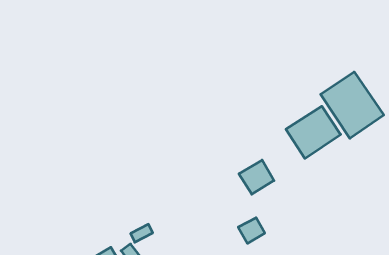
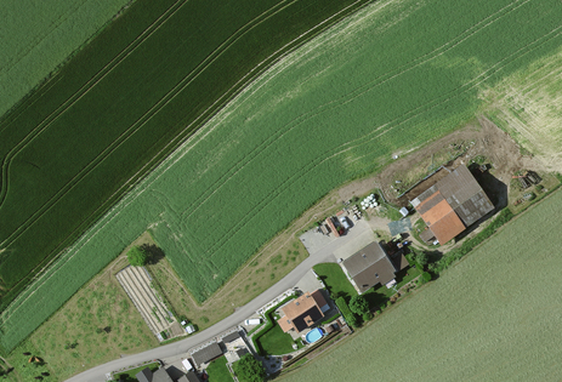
building: [321,72,384,138] -> none
building: [238,218,265,243] -> [285,295,323,331]

